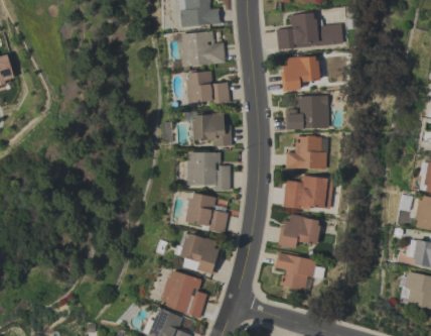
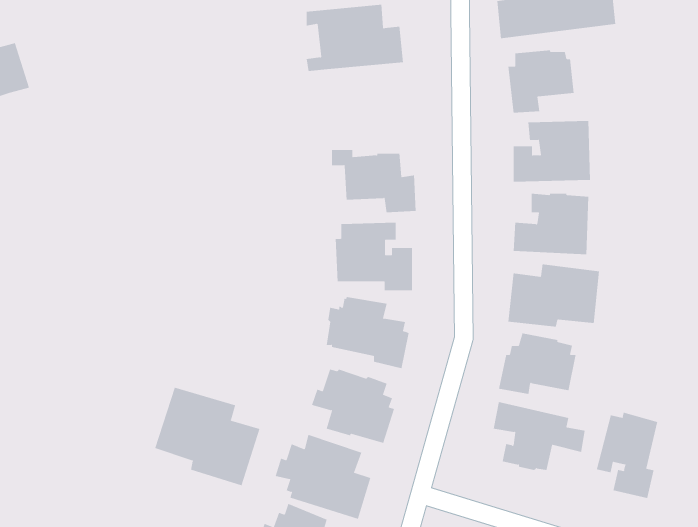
building: [171,71,231,109] -> none
building: none -> [155,387,260,486]
building: none -> [596,412,658,499]

